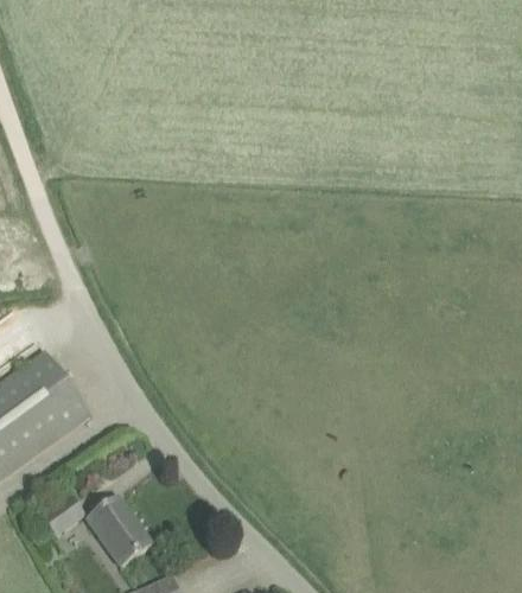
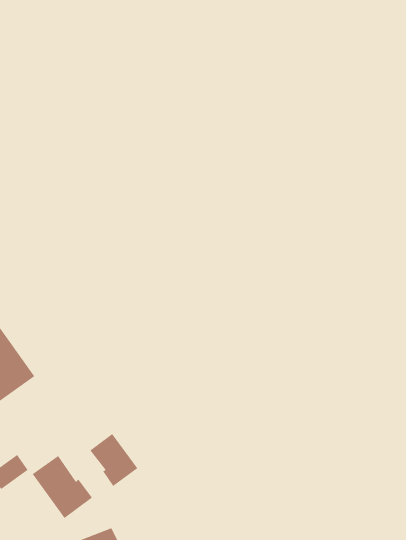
building: none -> [90,433,138,487]

